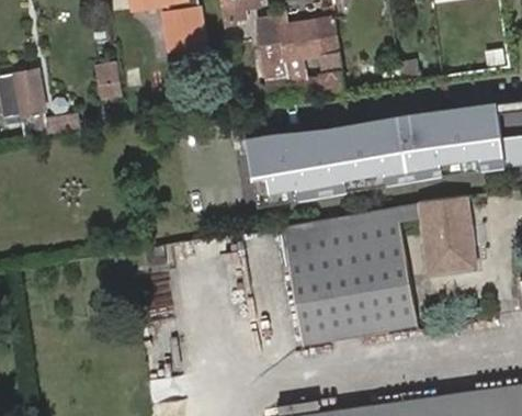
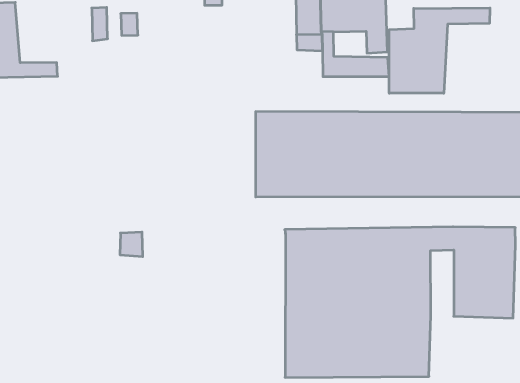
building: none -> [389,8,490,93]

